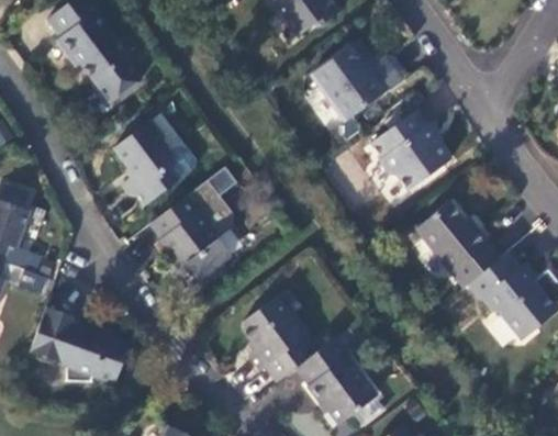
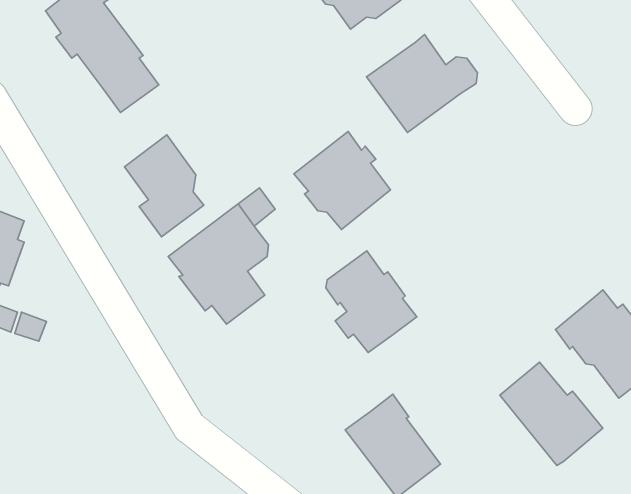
building: [370,110,450,191] -> [294,132,390,229]
building: [417,202,503,288] -> [500,362,603,465]
building: [241,298,316,382] -> [326,251,417,353]
building: [24,308,127,393] -> none

